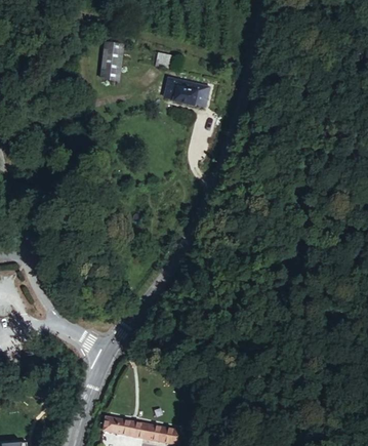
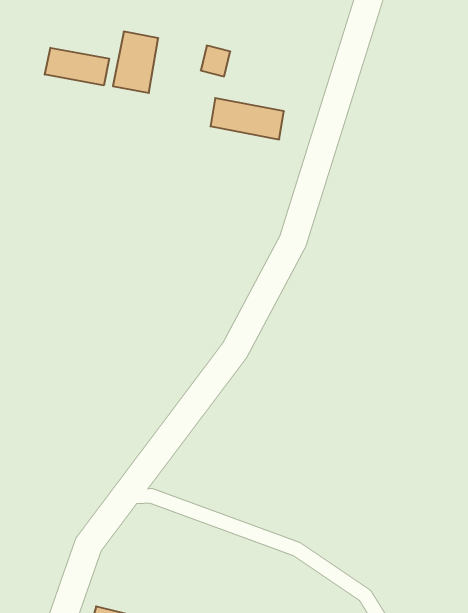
building: none -> [45,48,109,85]

